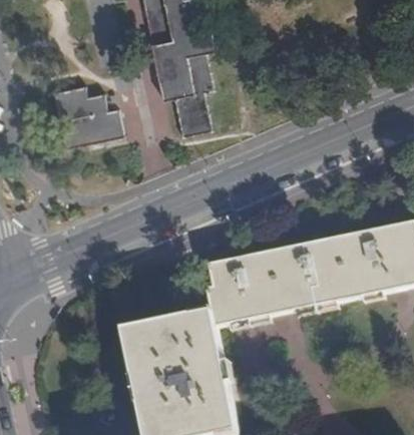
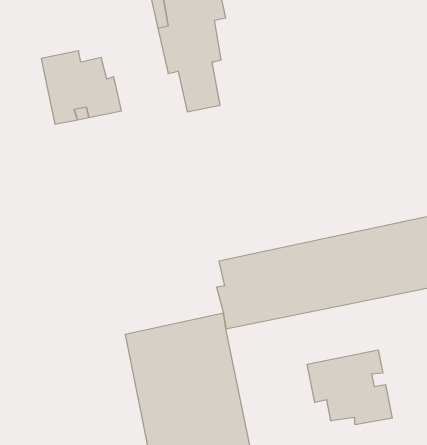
building: none -> [307,350,392,425]

